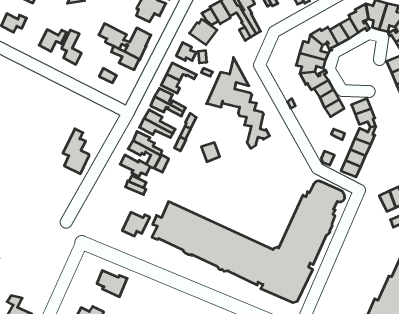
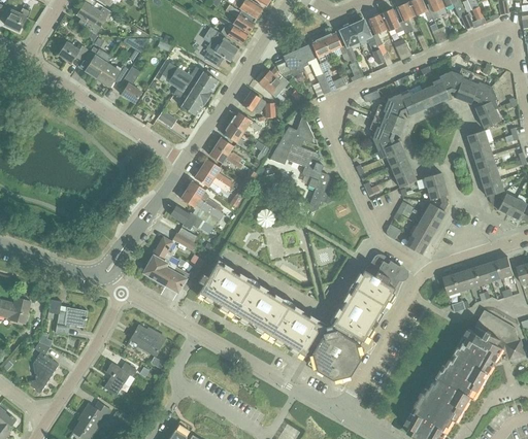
building: none -> [84,46,106,78]
building: [63,129,89,174] -> [147,237,175,285]
building: none -> [47,299,86,335]

